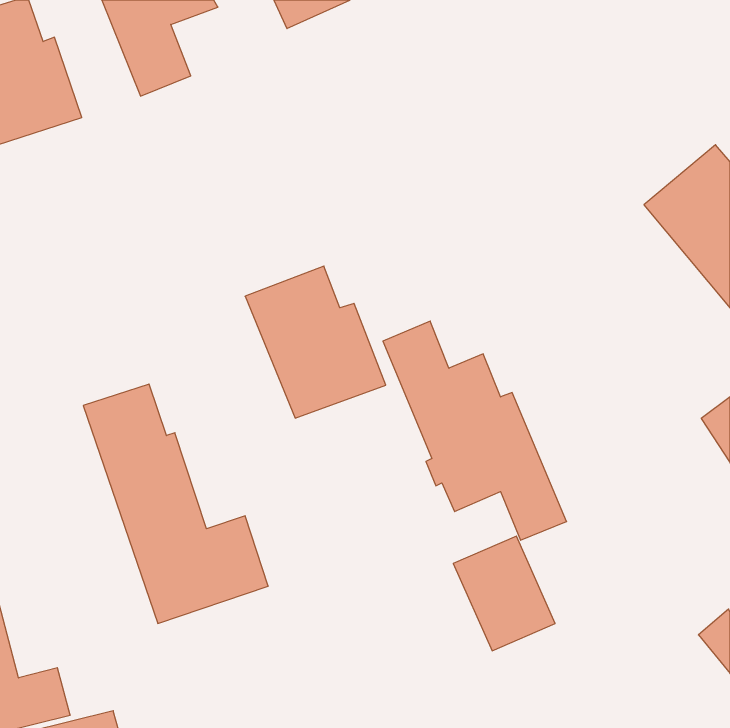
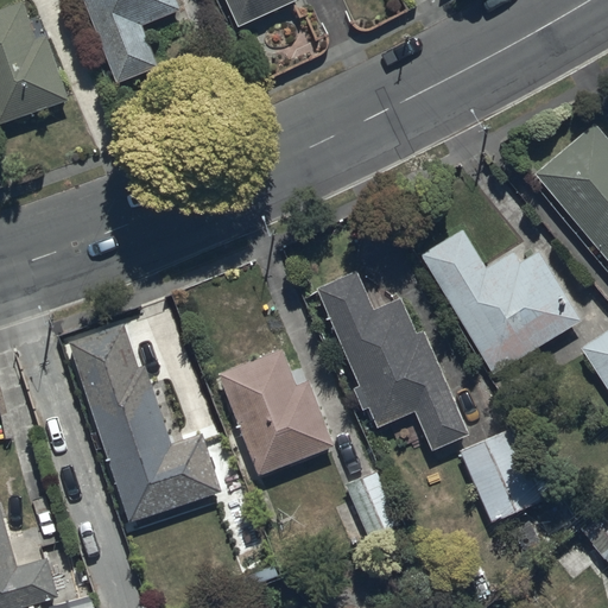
building: [245,266,386,418] -> [216,348,332,474]
building: none -> [419,229,581,375]
building: [453,536,555,651] -> [457,429,542,524]

